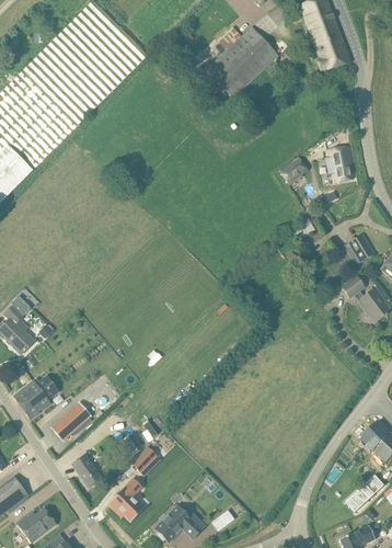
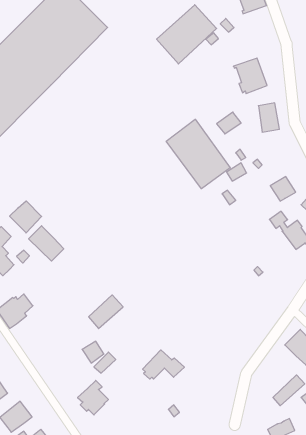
building: [310,28,350,71] -> [233,58,267,94]
building: none -> [166,119,230,189]
building: none -> [10,201,42,233]
building: none -> [29,226,64,261]
building: [49,400,91,441] -> [89,295,123,329]
building: [71,454,102,488] -> none
building: [154,505,205,540] -> [143,350,184,379]

